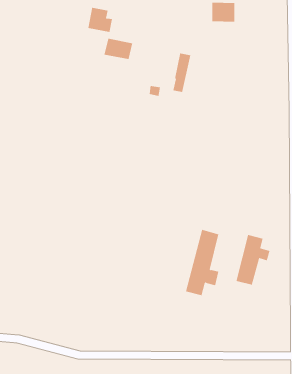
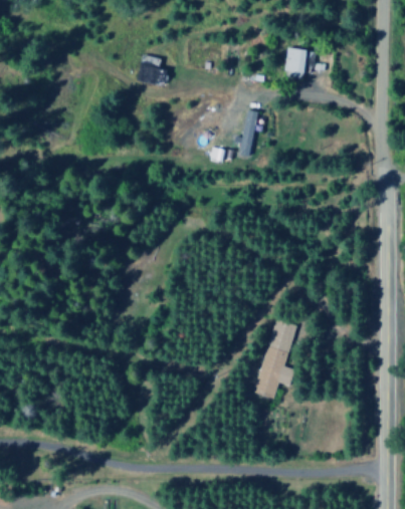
building: [104,38,133,60] -> none
building: [236,234,270,285] -> none

